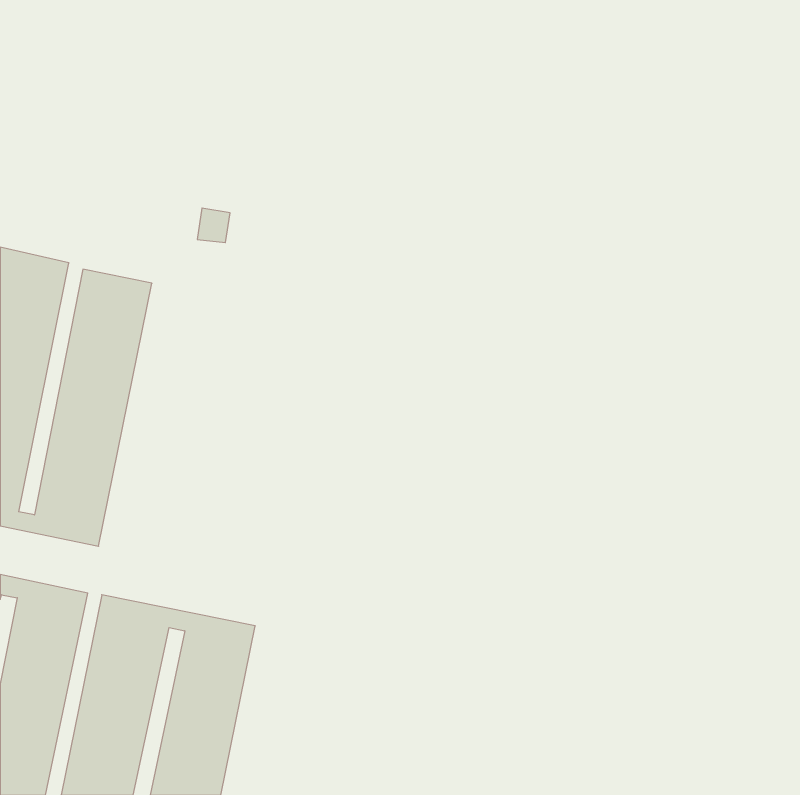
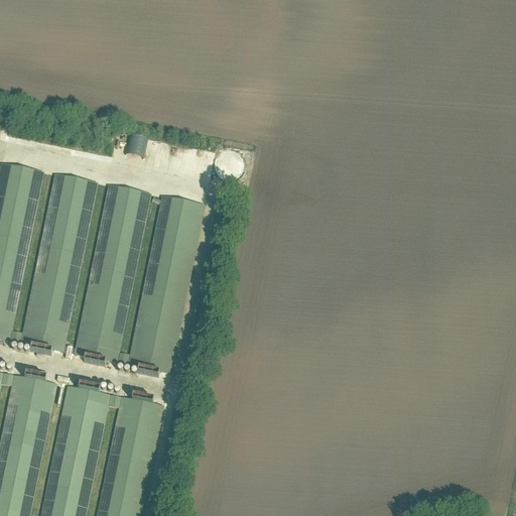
building: none -> [70,182,207,374]

